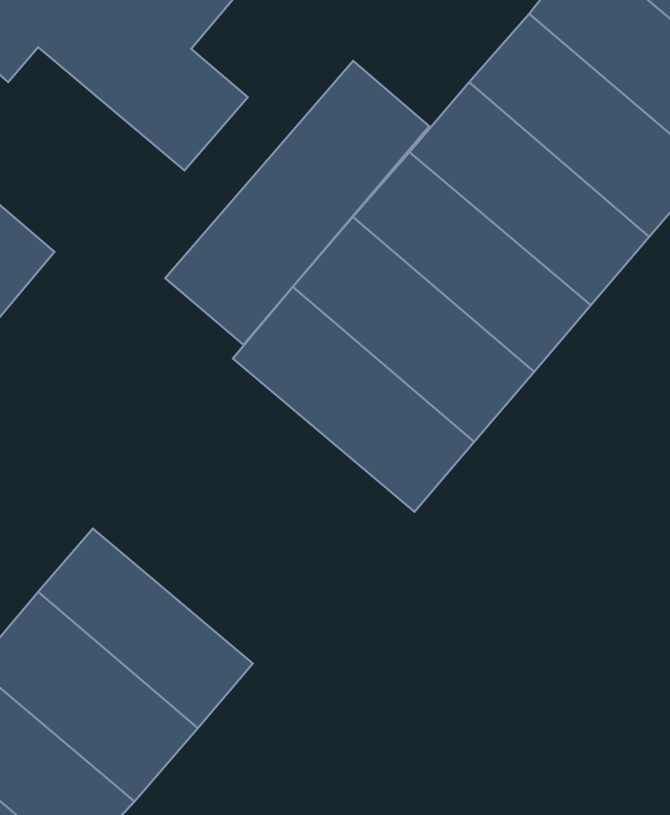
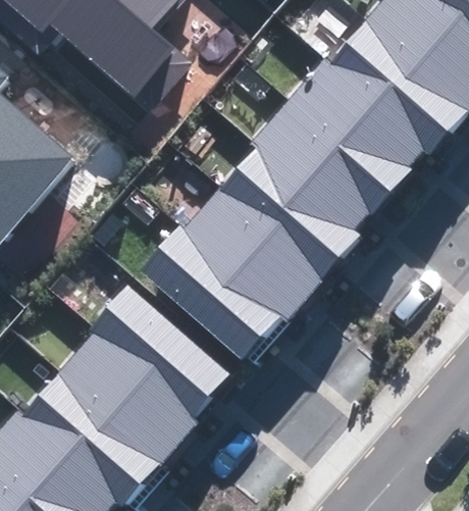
building: [165,61,429,345] -> none
building: none -> [139,223,292,366]
building: none -> [95,284,230,410]

